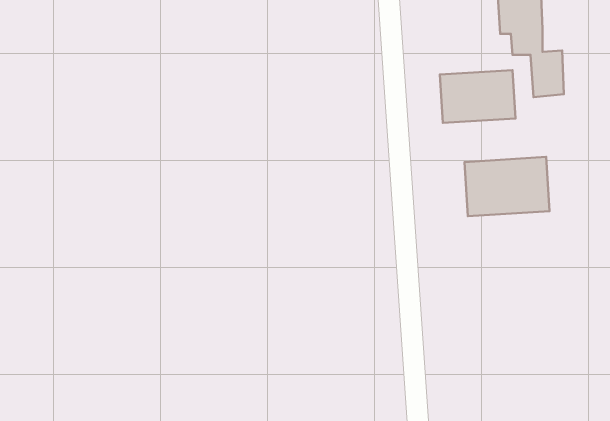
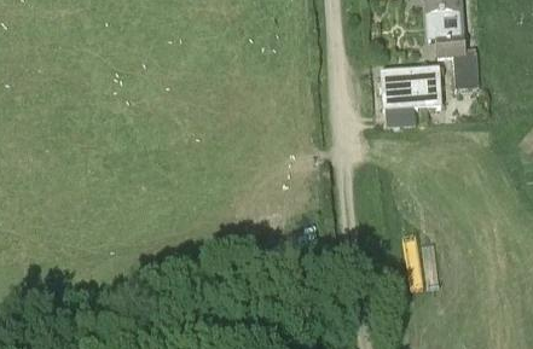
building: [464,157,549,216] -> none

